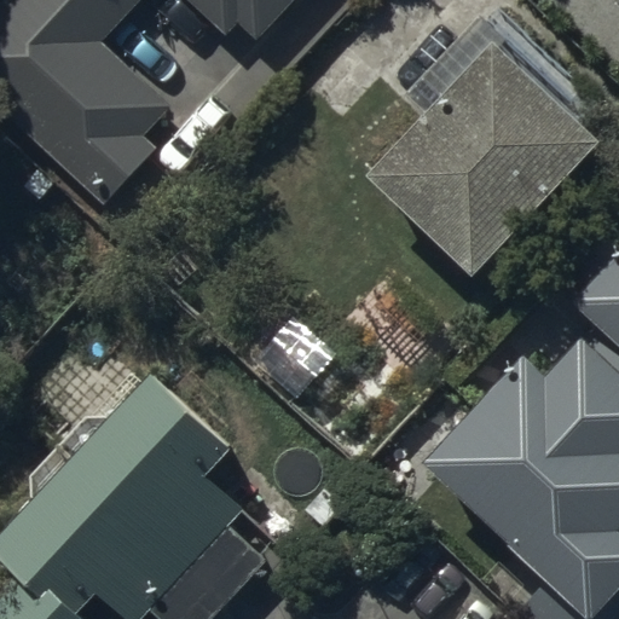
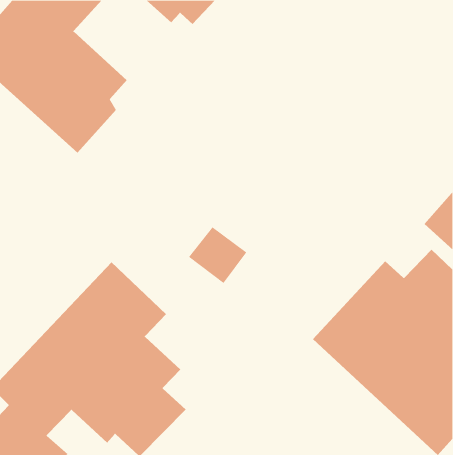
building: [370,42,602,276] -> none

